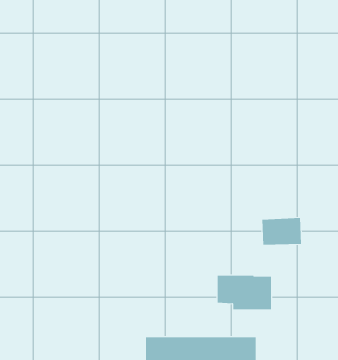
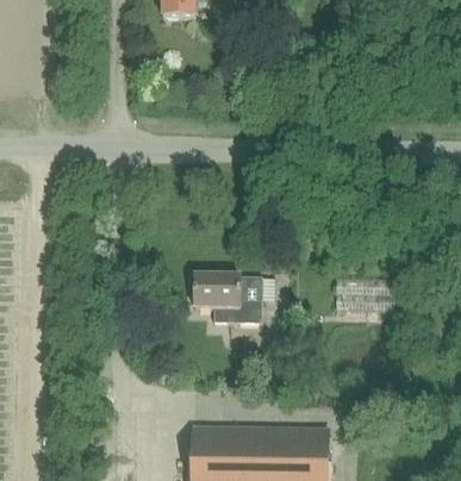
building: [217,275,272,310] -> [193,275,260,317]

